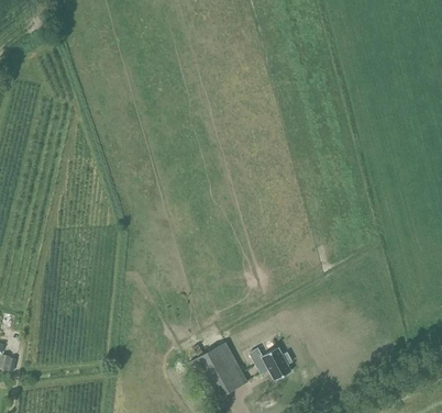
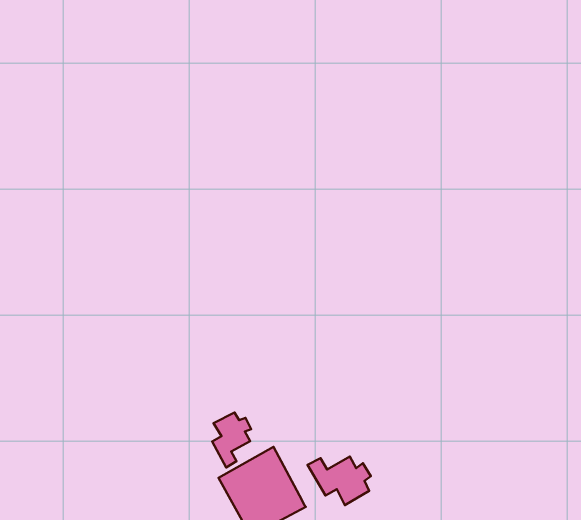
building: none -> [212,413,251,468]

